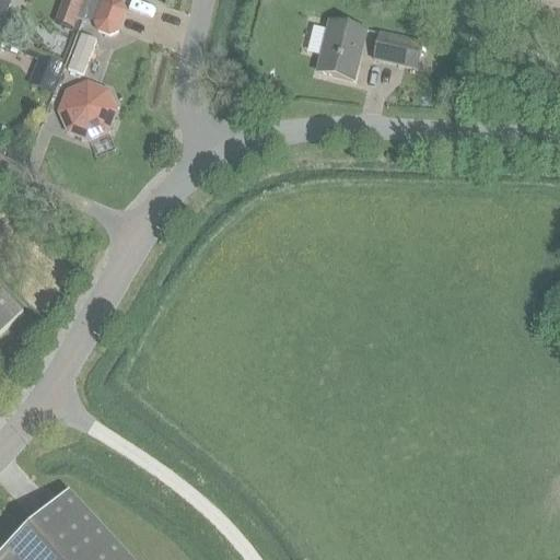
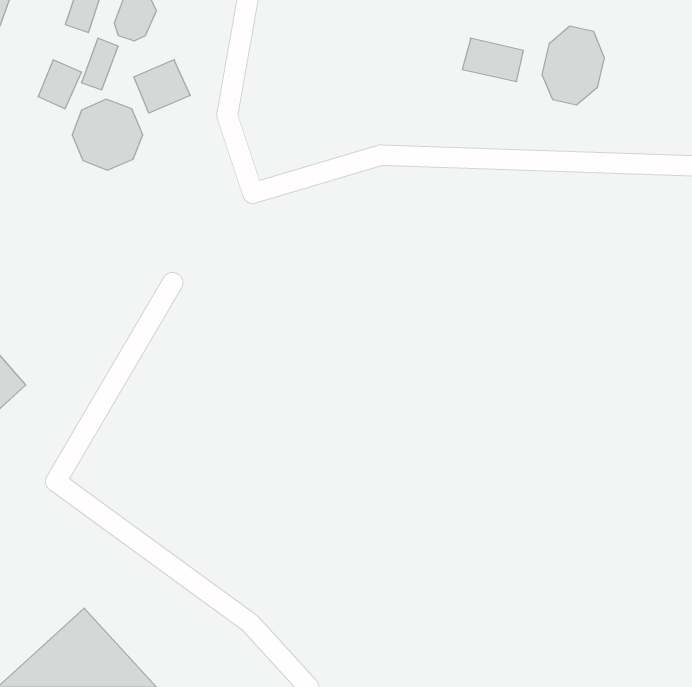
building: [317,20,362,77] -> none
building: none -> [542,26,604,105]
building: none -> [134,60,190,113]

